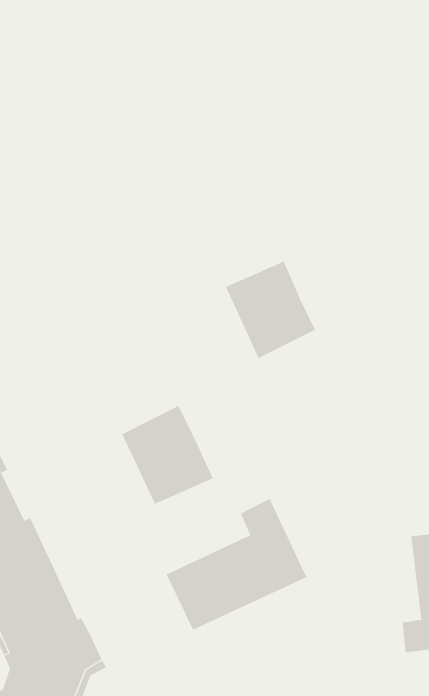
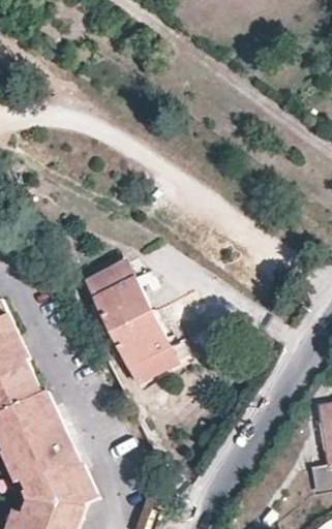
building: [225,261,316,359] -> [86,262,151,333]
building: [166,498,307,631] -> none

